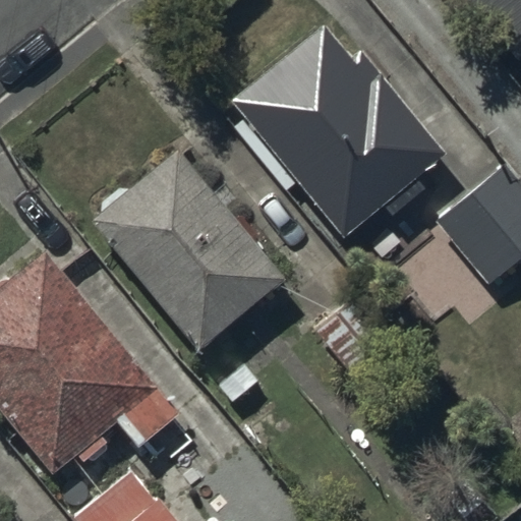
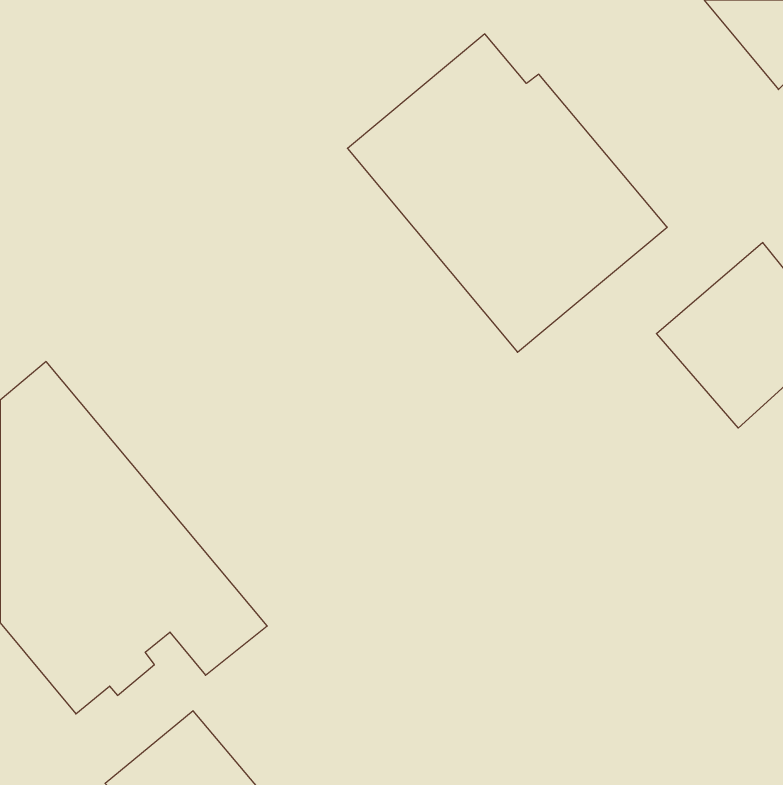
building: [92,149,285,352] -> none

